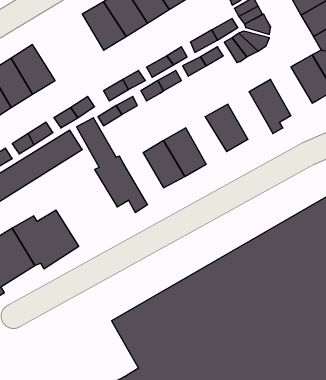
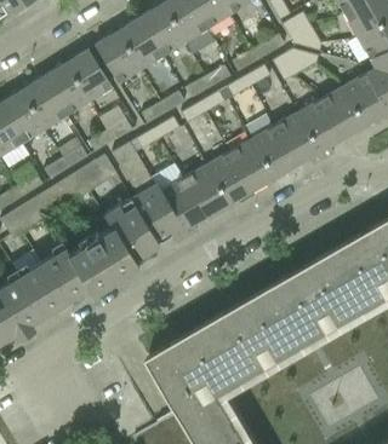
building: none -> [95,30,141,83]
building: none -> [64,50,112,102]
building: none -> [320,87,365,139]
building: none -> [274,114,323,165]
building: none -> [229,140,273,191]
building: none -> [162,179,205,235]
building: none -> [90,197,159,279]

